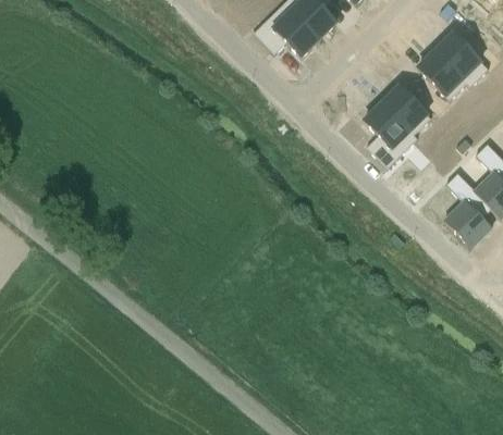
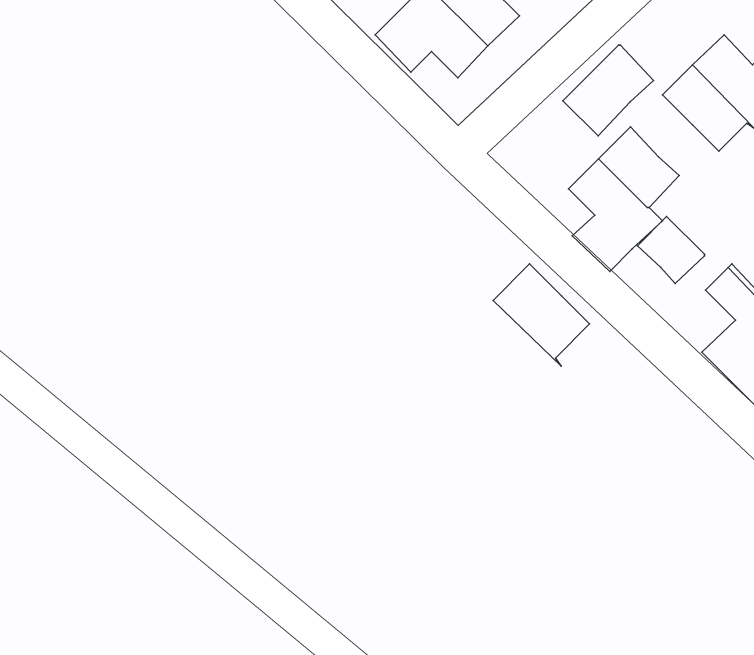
building: none -> [563,45,654,136]
building: none -> [637,216,705,284]
building: none -> [493,264,590,366]

